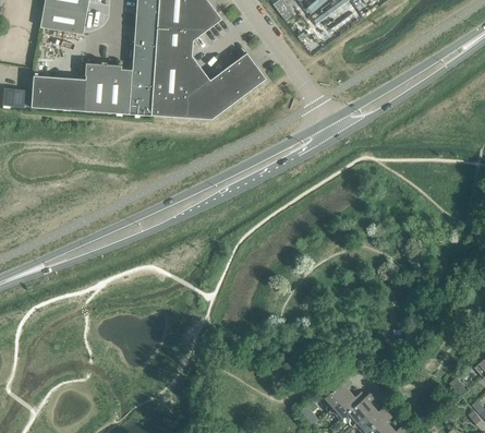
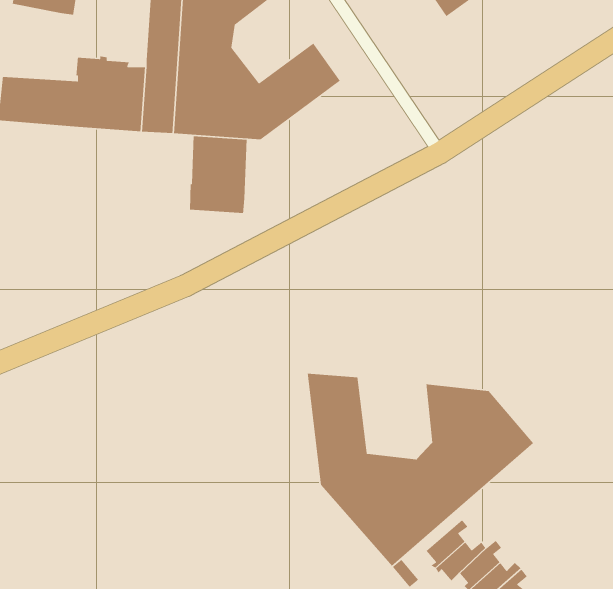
building: none -> [189,135,247,214]
building: none -> [307,373,534,567]

